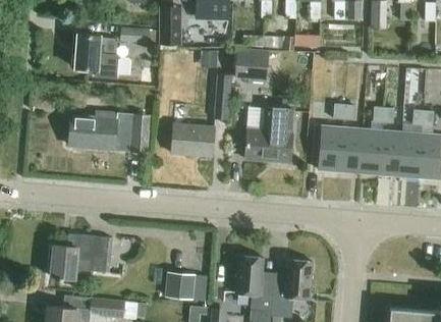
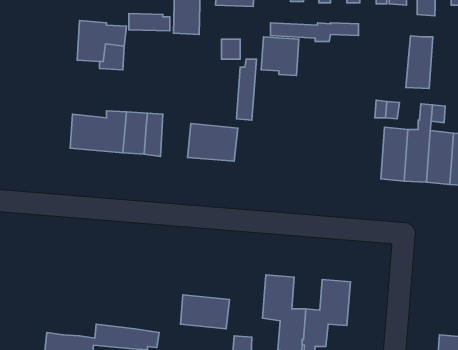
building: [245,105,294,162] -> none
building: [319,125,342,171] -> [406,36,433,89]
building: [51,234,113,279] -> none

